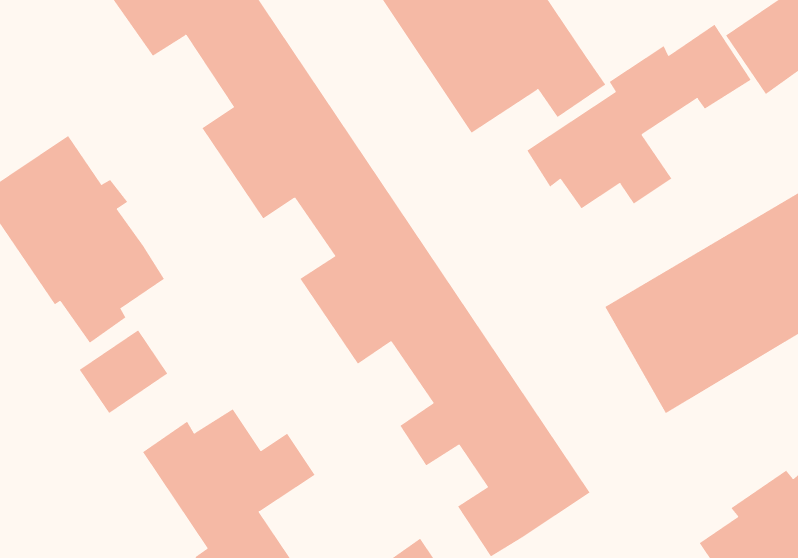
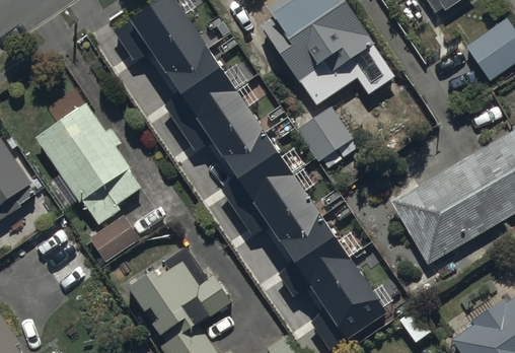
building: [527,24,752,209] -> none
building: none -> [297,105,353,162]

